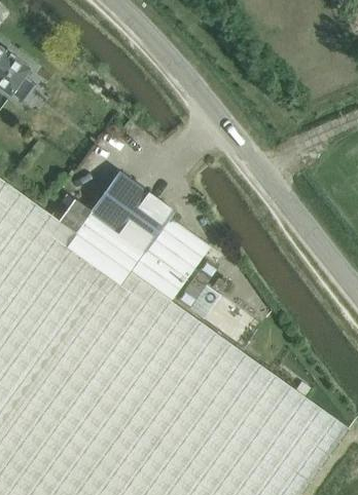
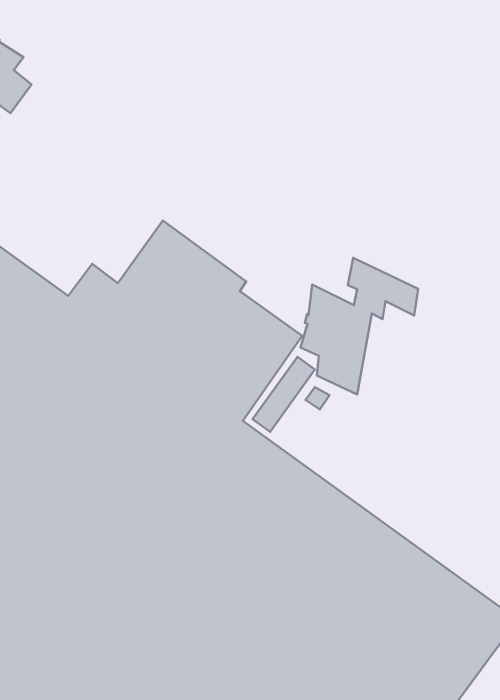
building: none -> [301,258,418,395]

